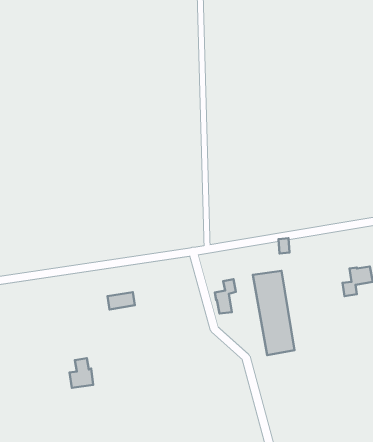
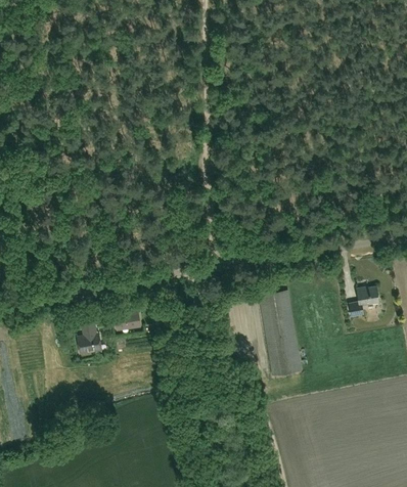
building: [215,279,236,314] -> none
building: [70,358,93,388] -> [77,322,100,352]

